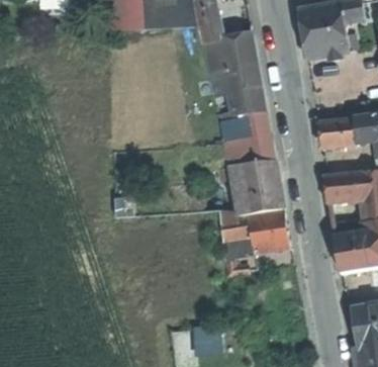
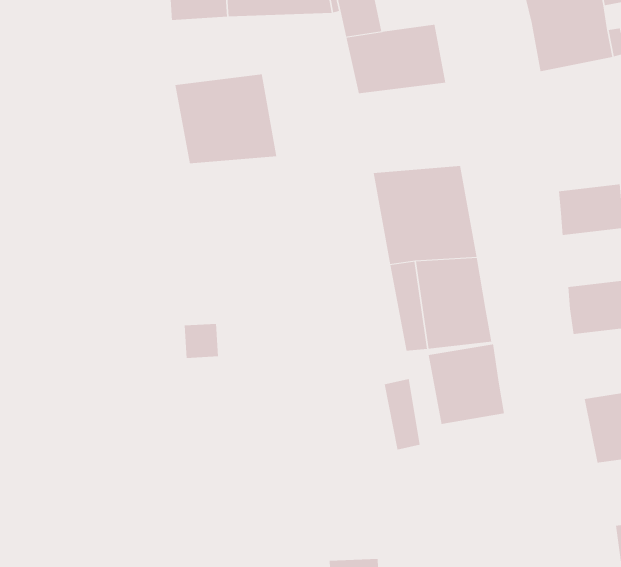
building: [209,65,266,114] -> [175,74,277,164]

